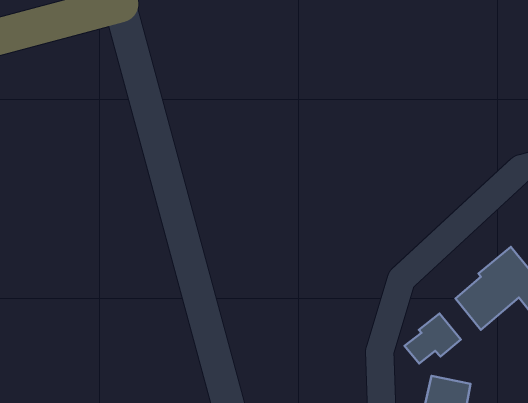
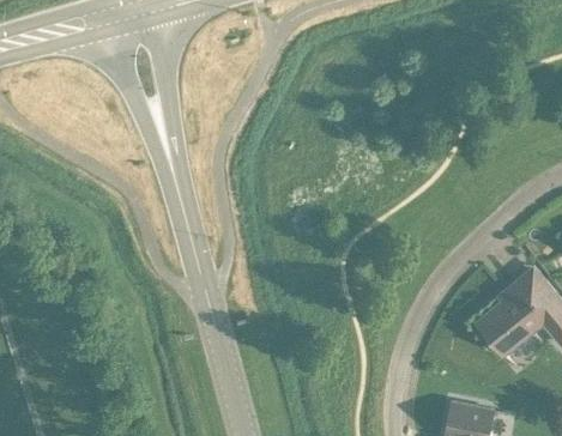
building: [405,313,461,363] -> none

